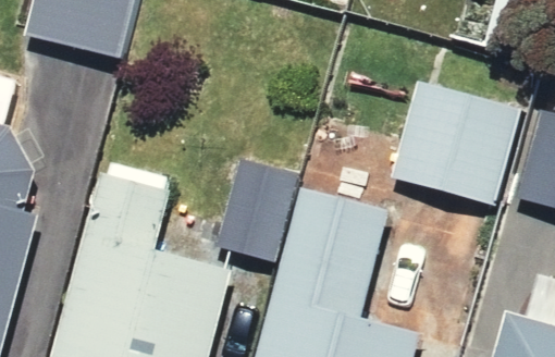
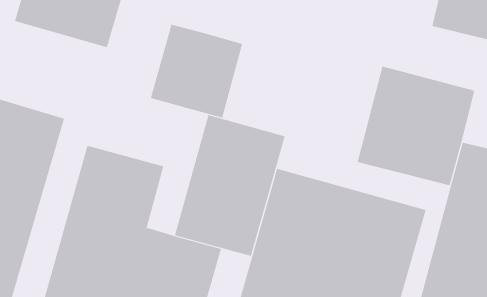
building: none -> [150,24,243,119]

